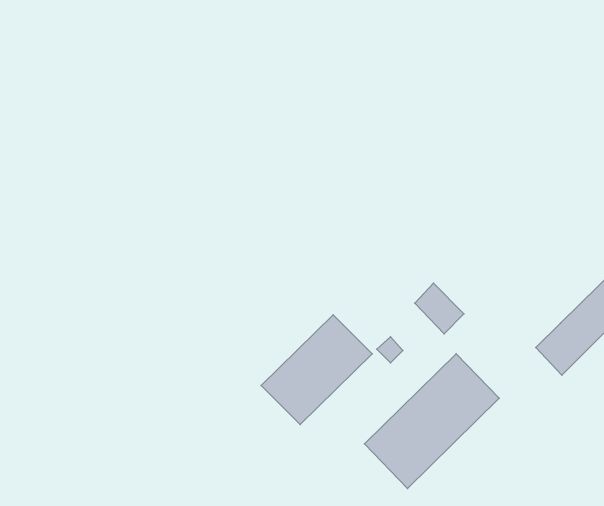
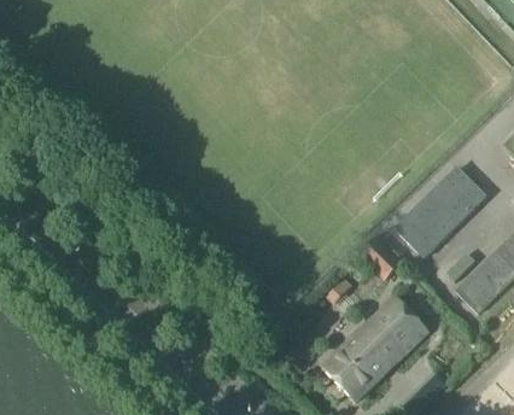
building: none -> [395,166,485,257]
building: [261,315,372,425] -> none

